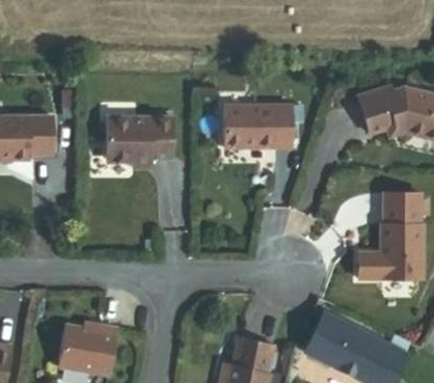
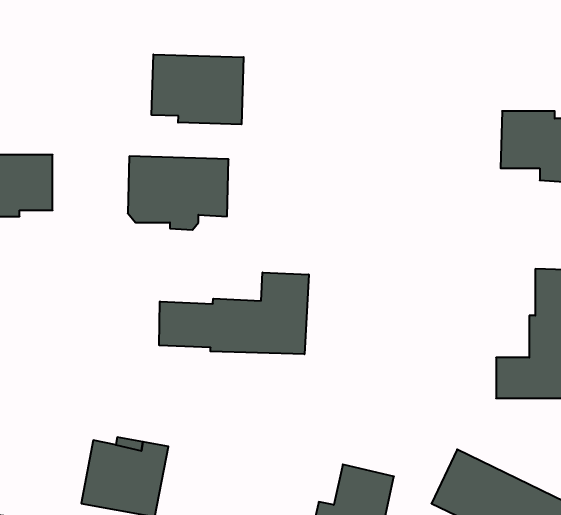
building: none -> [152,54,244,124]
building: [232,102,293,149] -> none
building: none -> [159,272,309,354]

